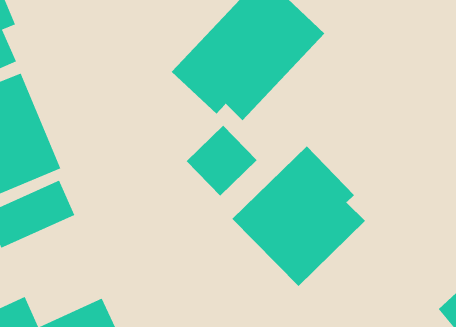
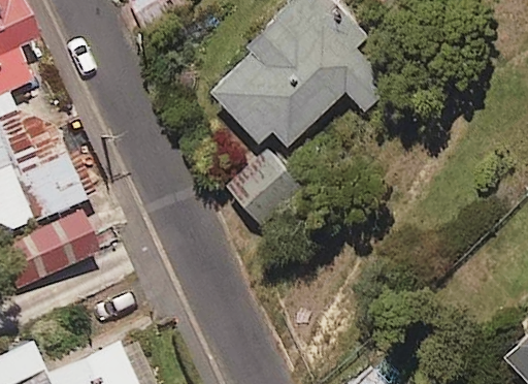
building: [232,145,366,287] -> none

